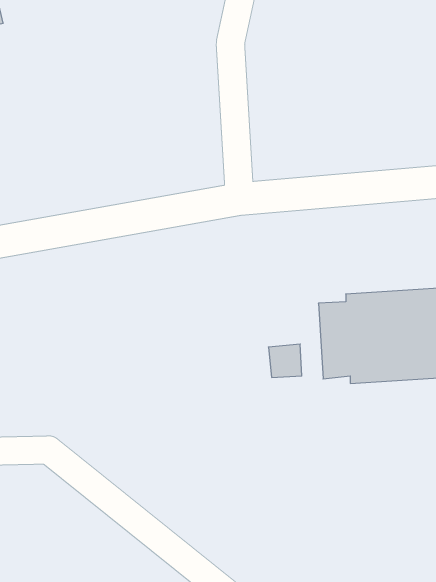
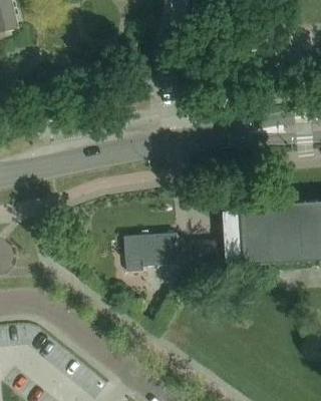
building: none -> [125,233,180,272]

